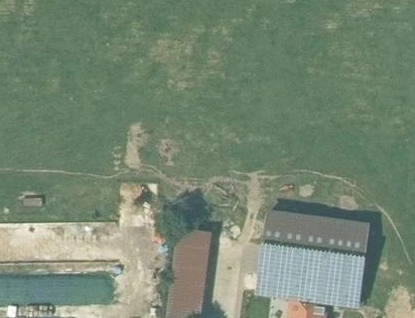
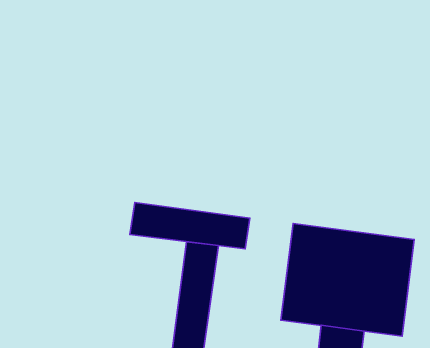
building: none -> [130,203,250,249]

